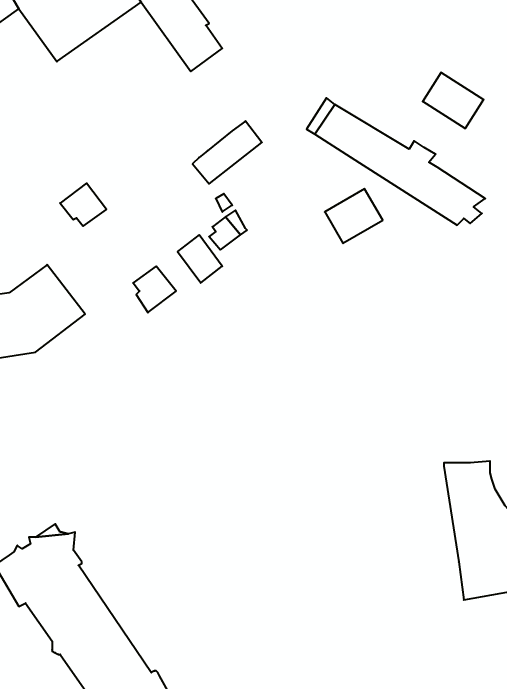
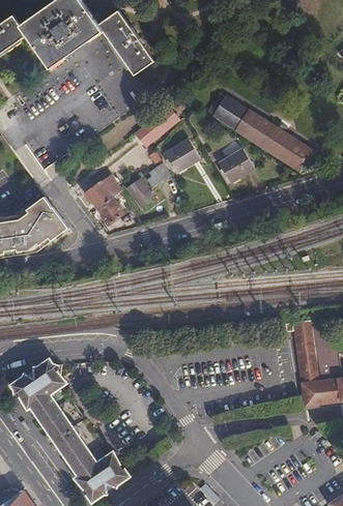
building: [423,72,484,129] -> none
building: none -> [163,139,200,173]
building: [60,183,106,226] -> [83,181,112,208]

